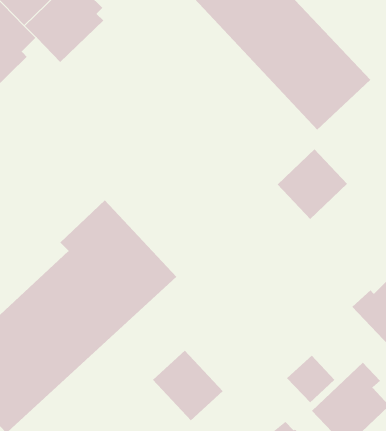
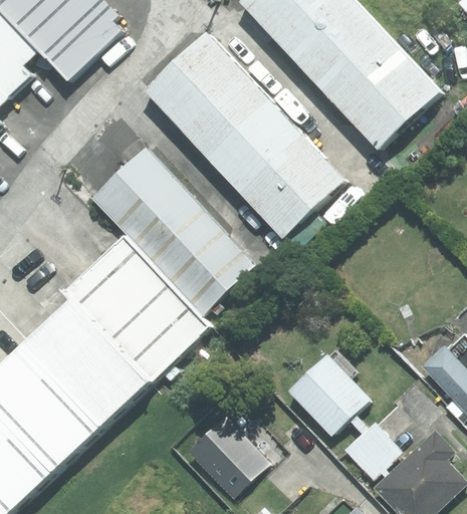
building: none -> [144,35,340,239]
building: none -> [95,141,264,313]
building: [277,149,348,220] -> none
building: none -> [284,345,363,429]

